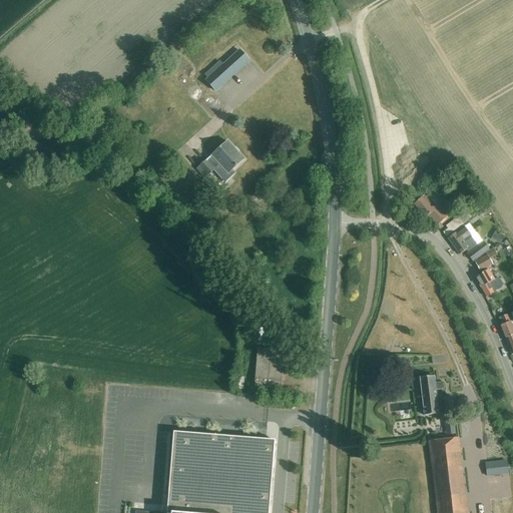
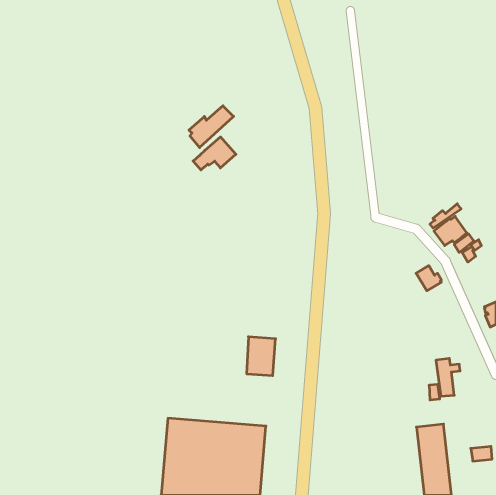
building: [204,49,250,92] -> [189,106,234,148]
building: [414,186,447,225] -> none
building: [476,270,502,296] -> [416,266,441,291]
building: [420,376,445,415] -> [436,358,460,396]

